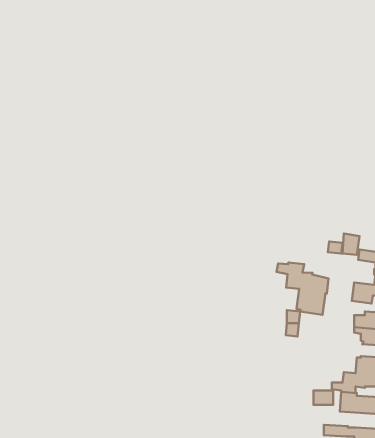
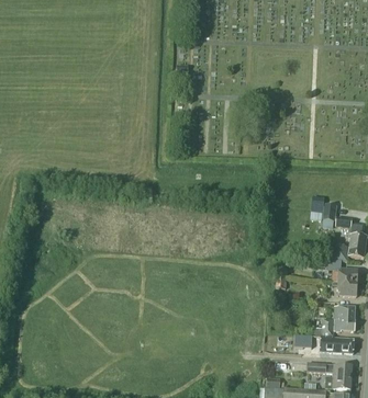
building: [277,262,329,315] -> none

